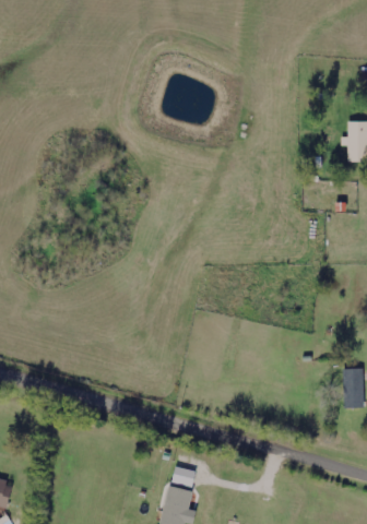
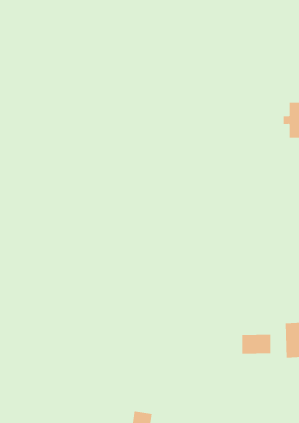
building: none -> [242,334,271,355]

